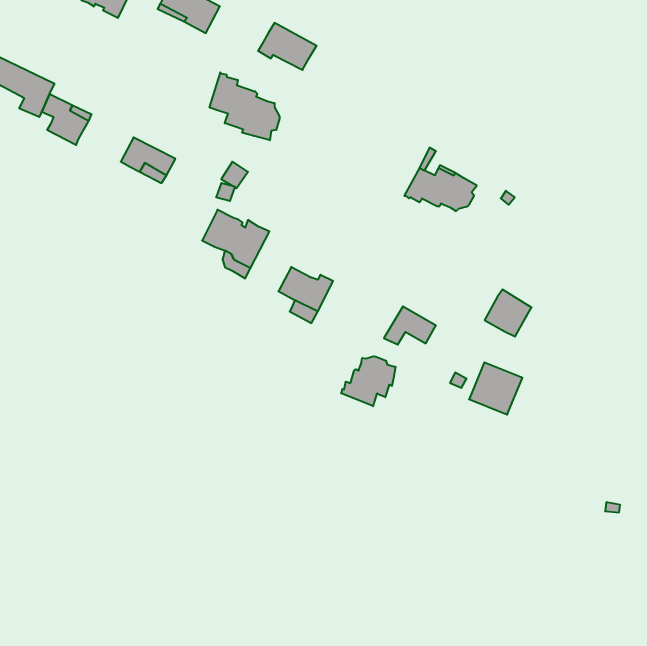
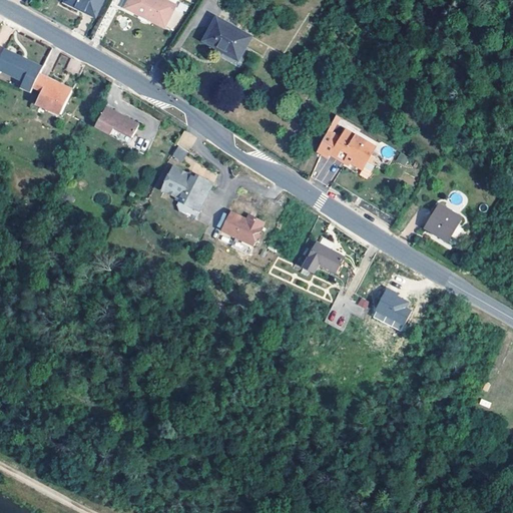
building: [210,72,280,140] -> none
building: [485,290,532,337] -> [425,203,462,240]
building: [341,356,396,406] -> none

